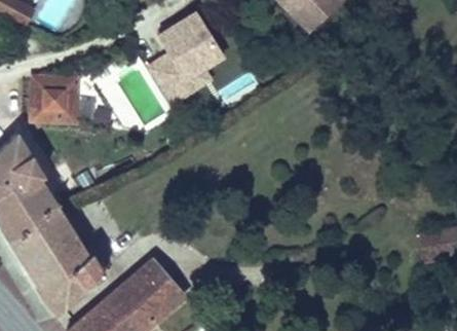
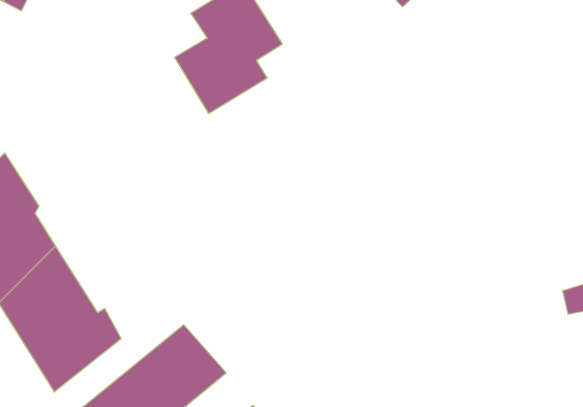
building: [33,78,77,128] -> none

